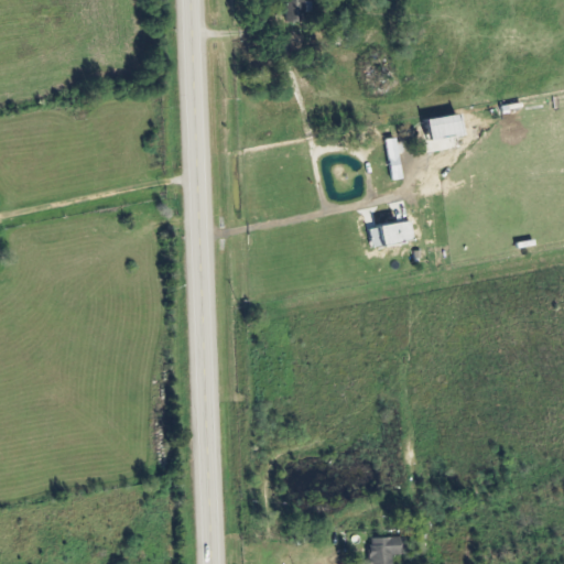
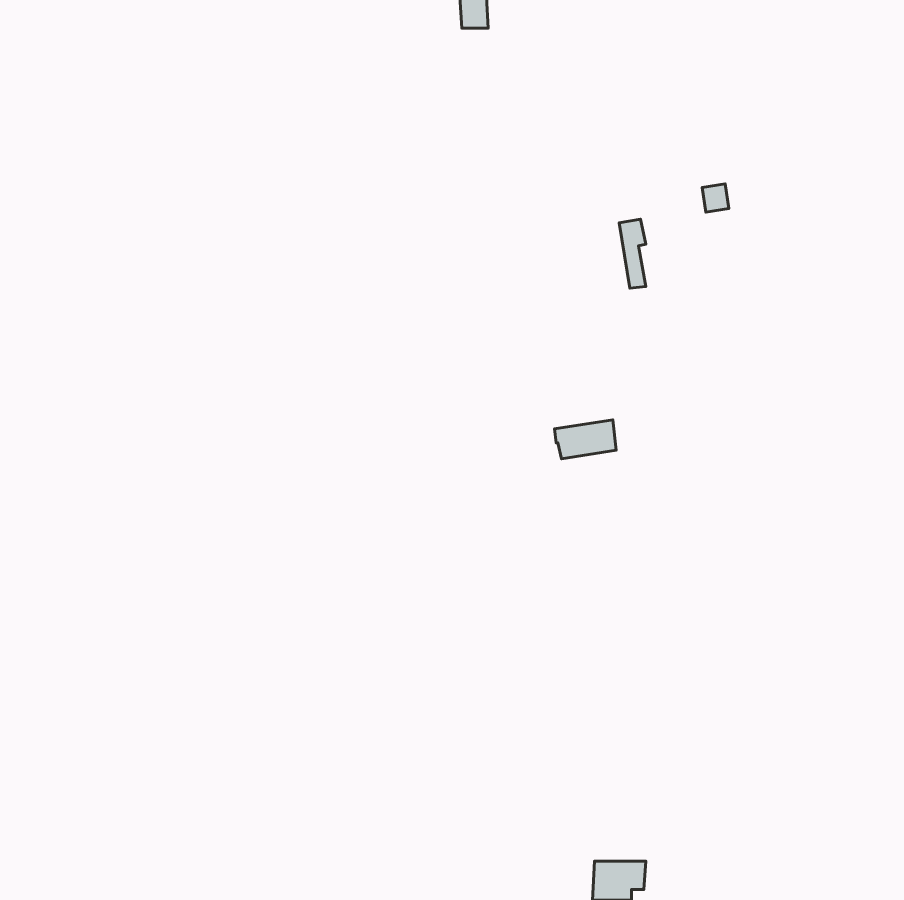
building: [375,221,413,246] -> [554,420,616,459]

